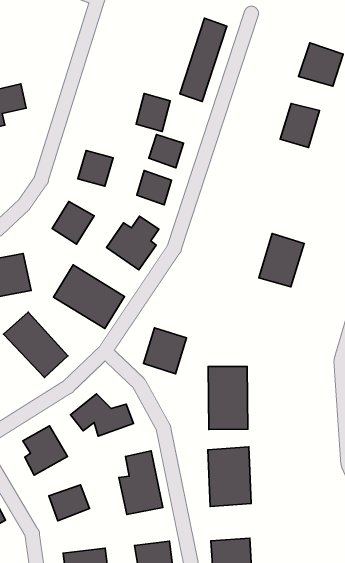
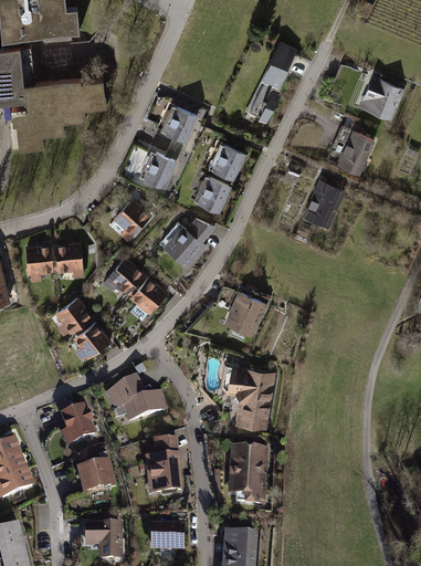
building: [136,94,170,132] -> [161,104,196,142]
building: [259,233,304,287] -> [299,177,346,229]
building: [143,328,186,374] -> [223,291,266,336]

